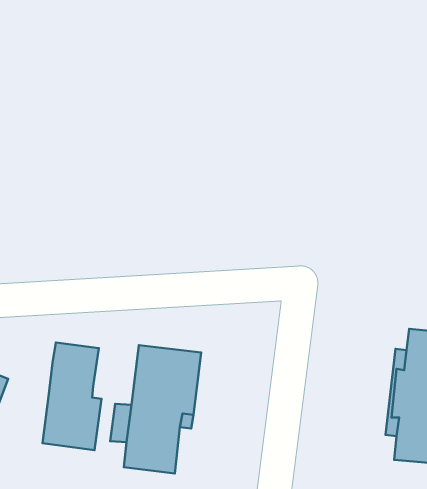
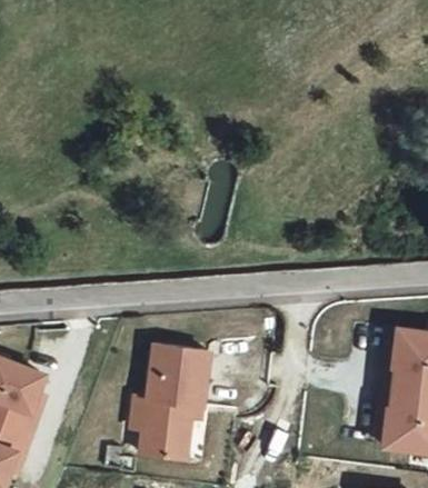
building: [42,342,102,450] -> none

